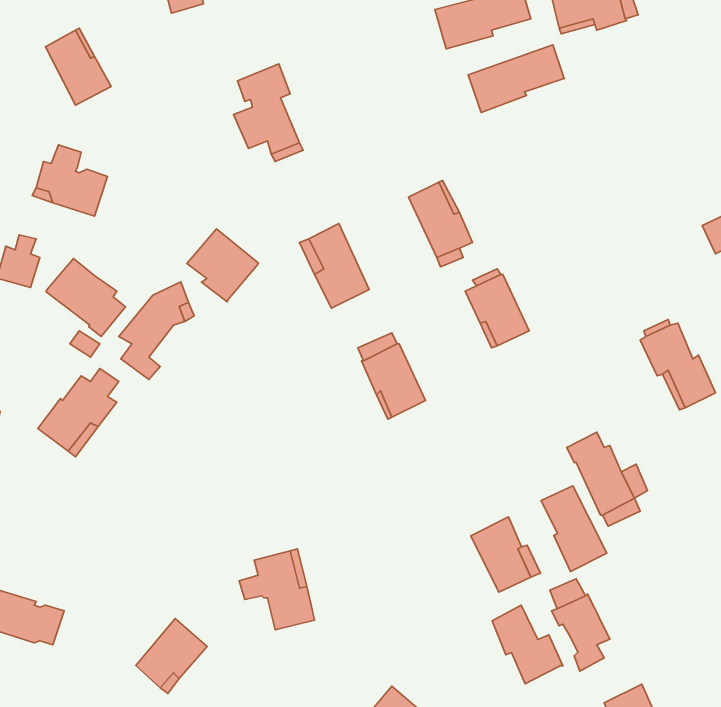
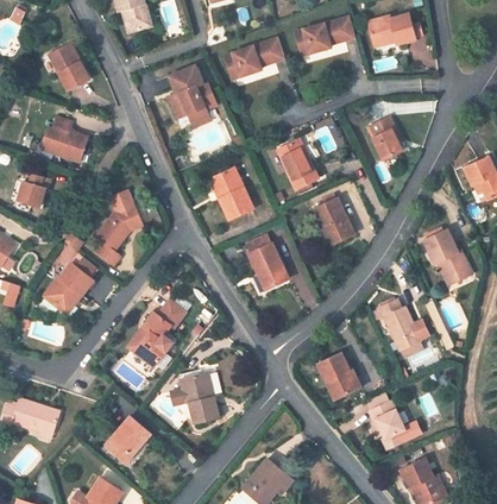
building: [468,45,564,112] -> [224,37,284,80]
building: none -> [369,116,401,159]
building: [187,229,258,302] -> none
building: [46,258,125,337] -> none
building: none -> [126,300,185,367]
building: [541,486,607,571] -> none
building: [492,605,563,684] -> none

